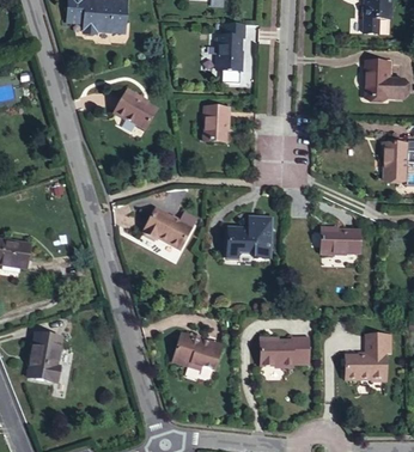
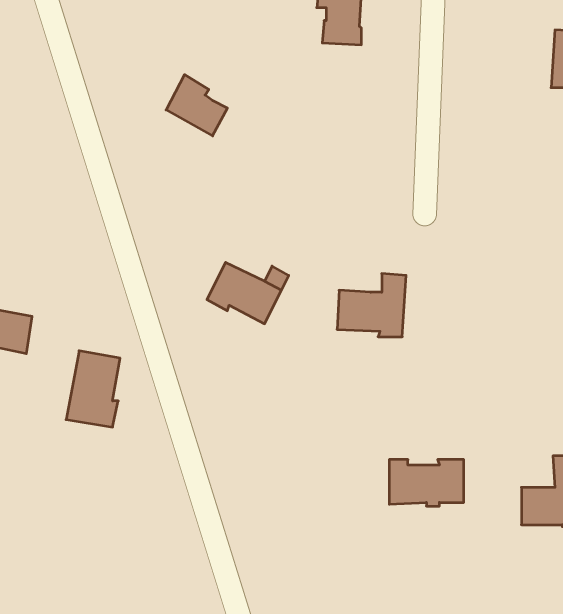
building: [205,108,229,142] -> none
building: [319,230,359,255] -> none
building: [26,334,61,383] -> [66,351,120,427]
building: [173,334,221,371] -> none

